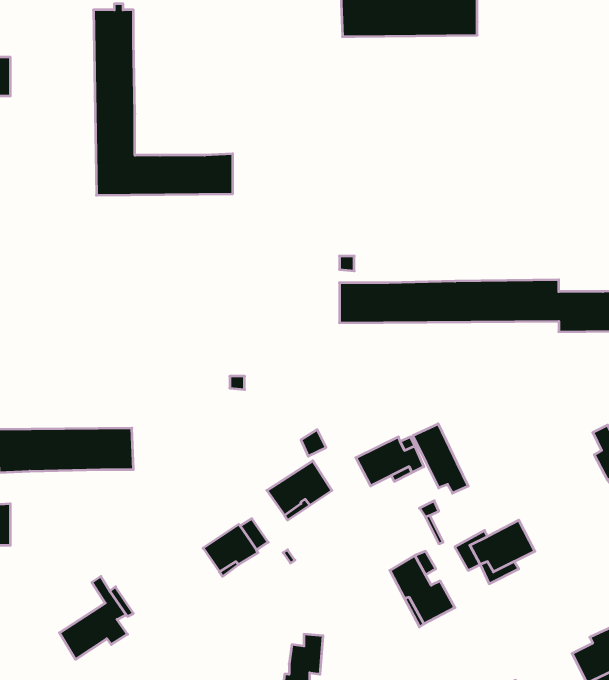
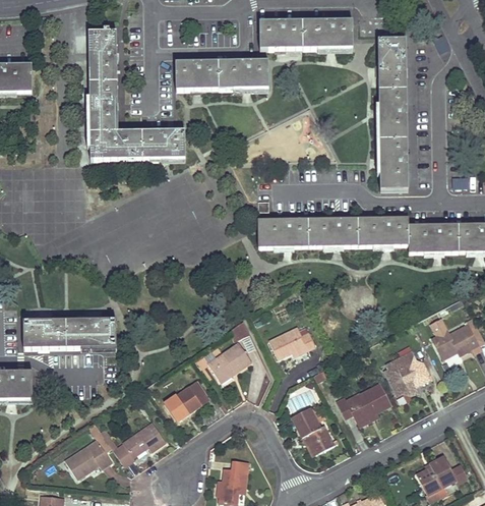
building: none -> [377,39,408,190]
building: none -> [175,61,268,91]
building: [413,424,468,493] -> none
building: none -> [383,349,428,393]
building: none -> [114,420,166,465]

